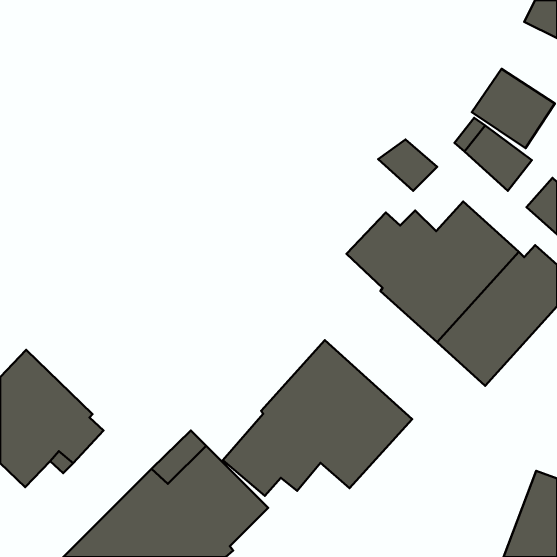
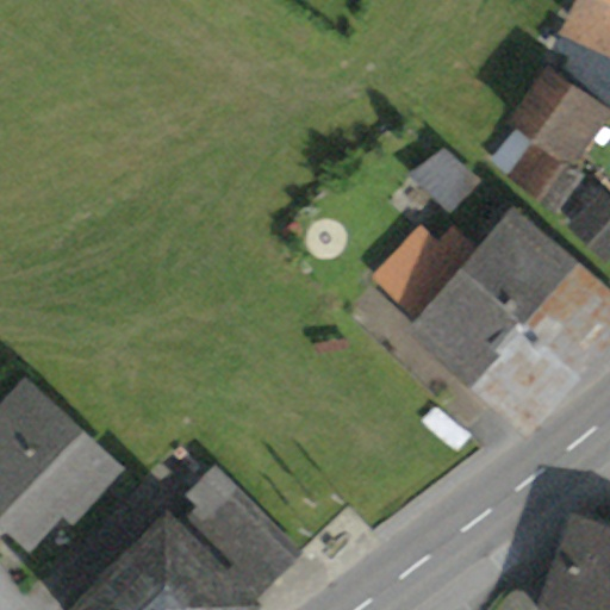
building: [223,340,412,496] -> none

